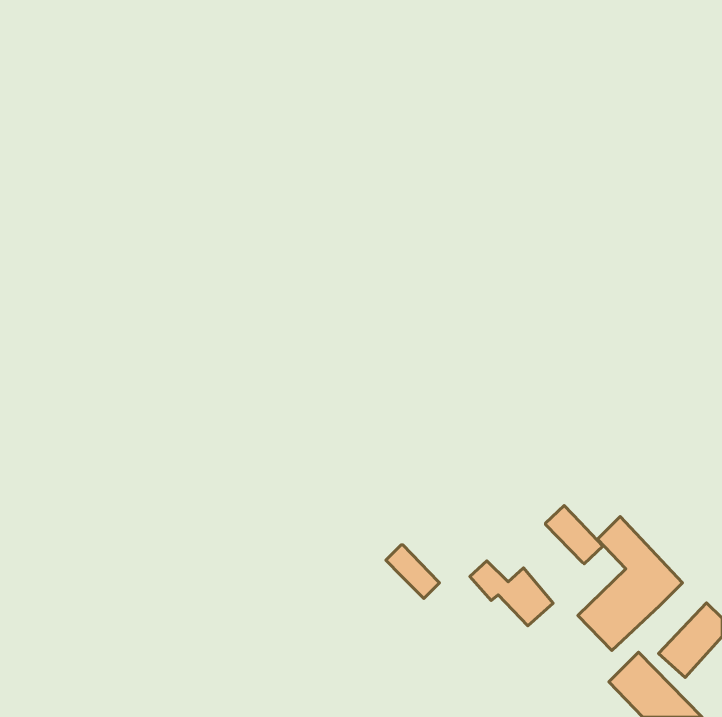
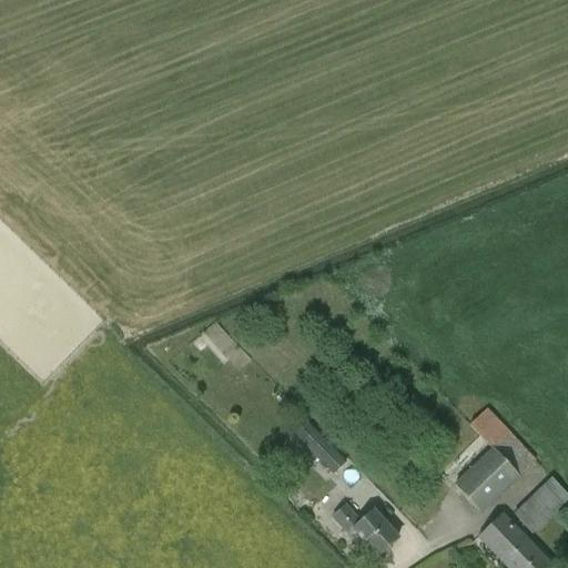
building: [545,505,603,564] -> none
building: [470,561,553,626] -> [332,503,397,554]

